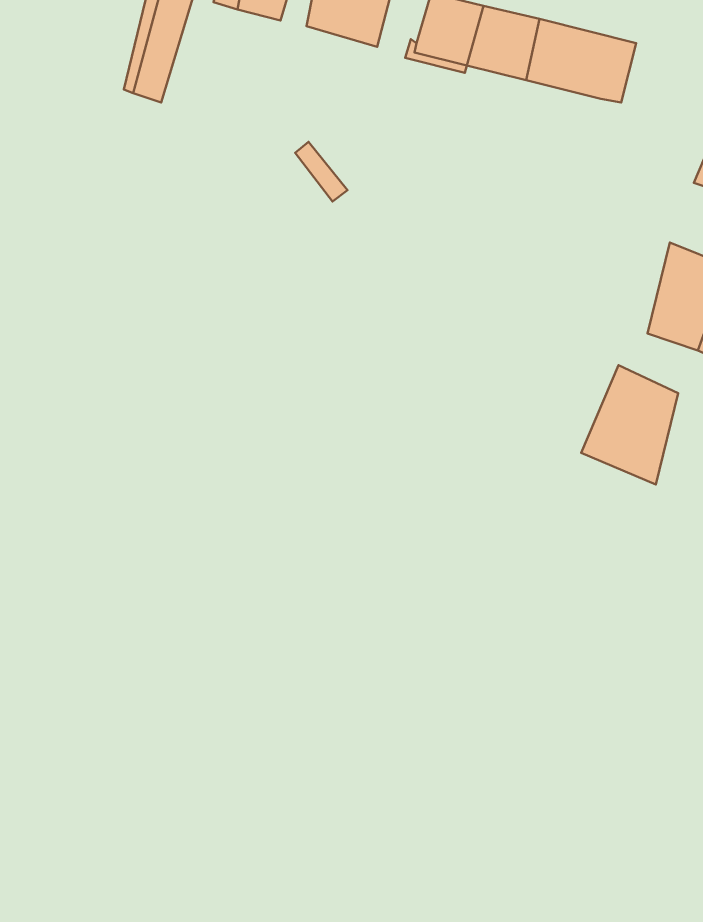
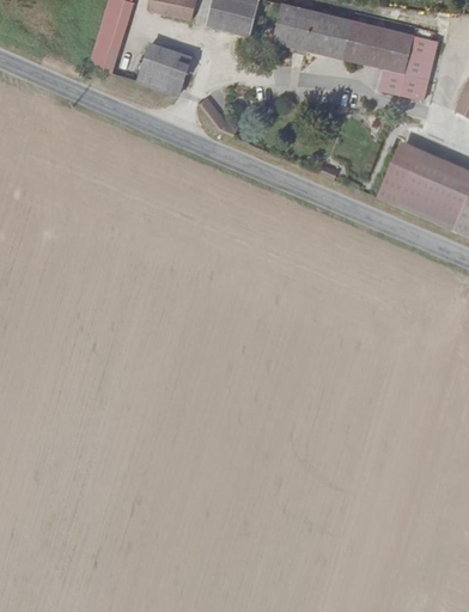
building: none -> [392,33,449,99]
building: none -> [138,39,191,93]
building: [581,365,678,484] -> [378,143,440,220]

